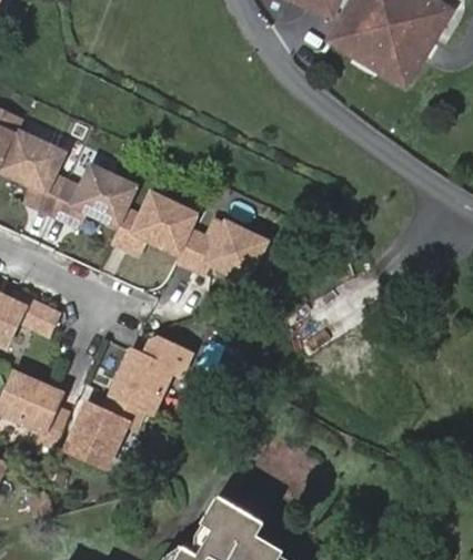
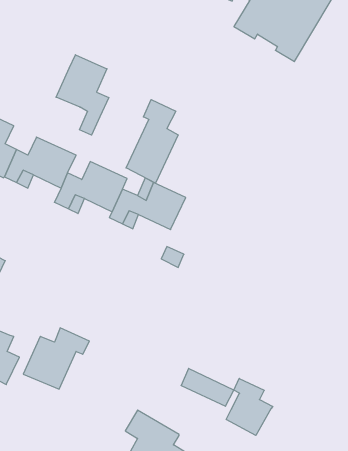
building: none -> [56,55,109,135]
building: none -> [126,100,178,183]
building: [118,337,197,408] -> none
building: none -> [226,378,273,435]

